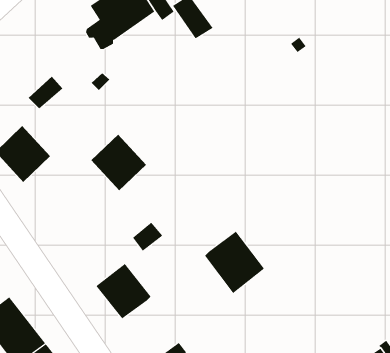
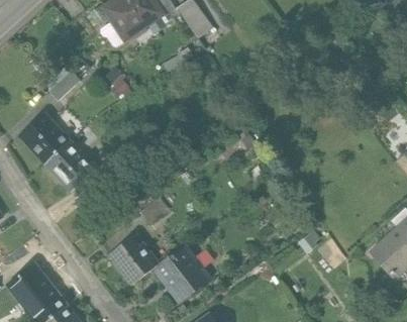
building: [91,134,147,191] -> [44,140,94,191]
building: [204,231,265,294] -> [154,245,207,301]

